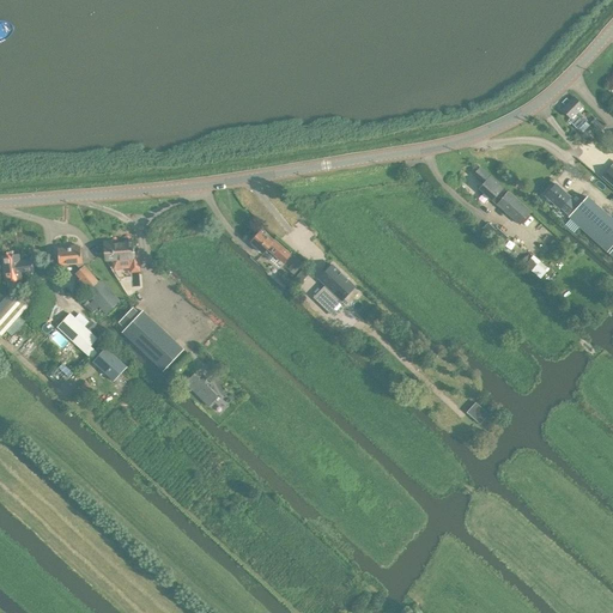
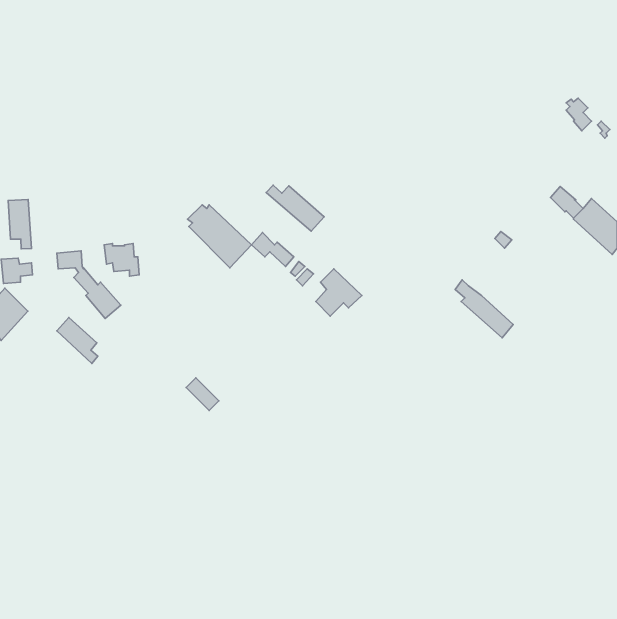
building: [472,166,529,224] -> [455,280,513,338]
building: none -> [266,185,324,231]
building: none -> [8,199,32,249]
building: [119,309,182,371] -> [188,205,252,268]
building: [91,347,126,381] -> none

